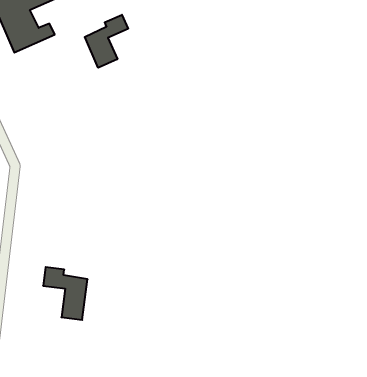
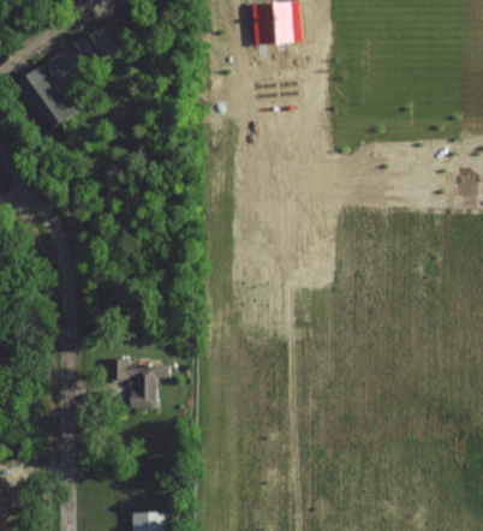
building: [85,15,128,68] -> none

